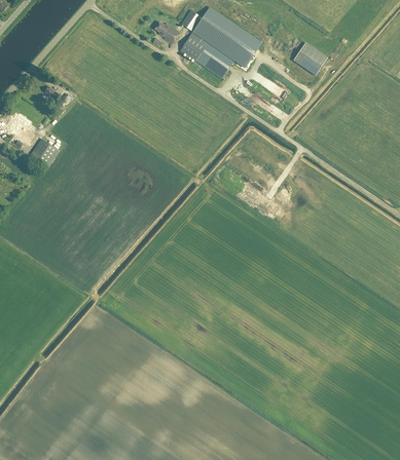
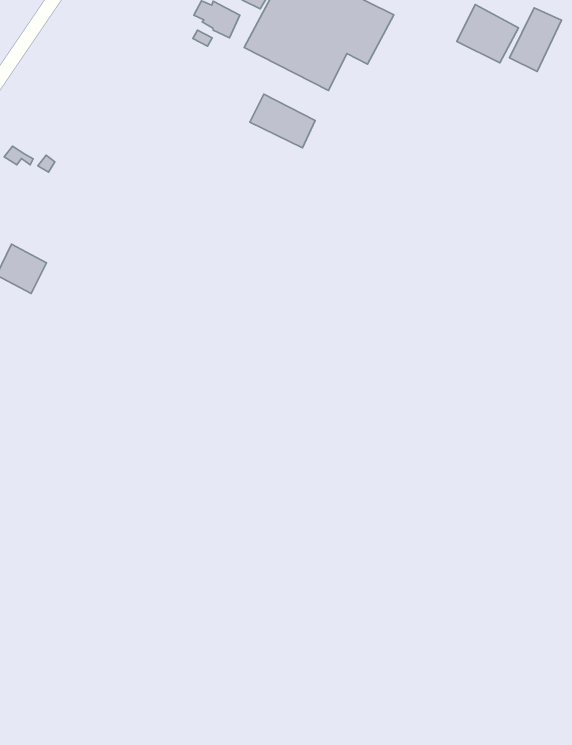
building: none -> [510,8,562,72]
building: none -> [250,94,315,148]

